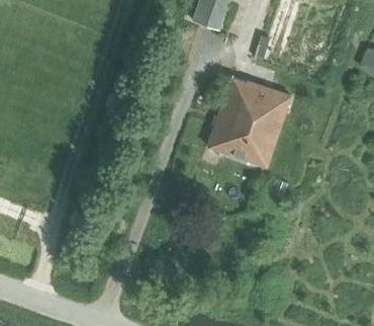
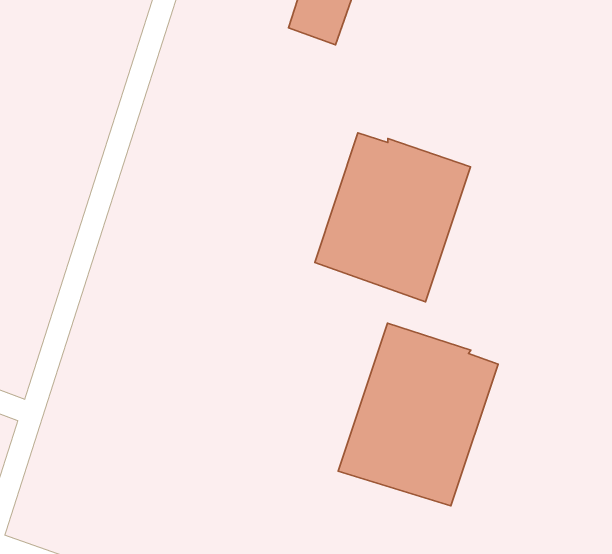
building: none -> [338,323,498,506]

